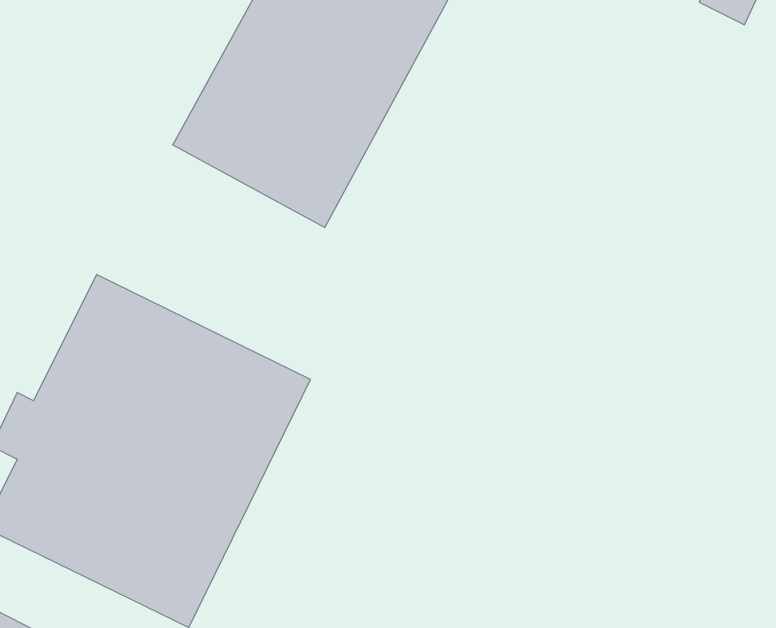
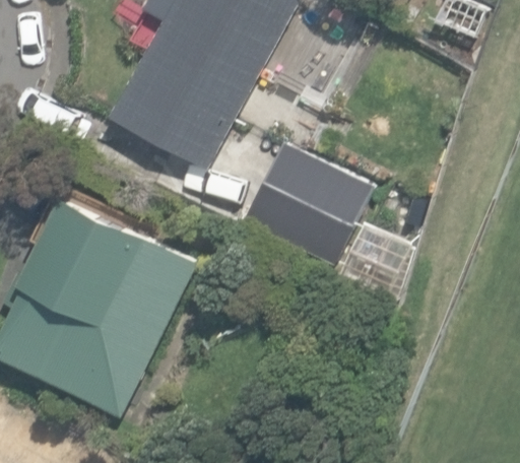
building: none -> [239,140,367,265]

